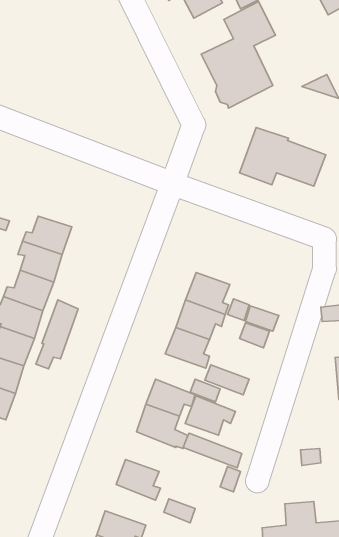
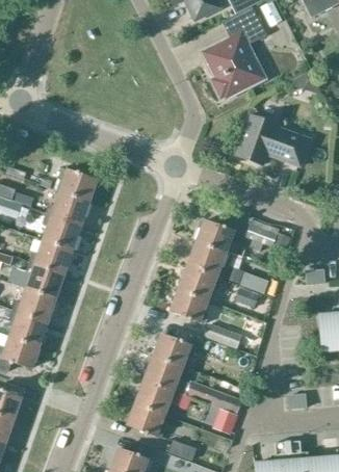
building: none -> [54,168,96,202]
building: none -> [245,218,291,250]
building: none -> [197,220,238,252]
building: [36,300,78,369] -> none
building: [185,396,235,435] -> [135,379,179,414]

